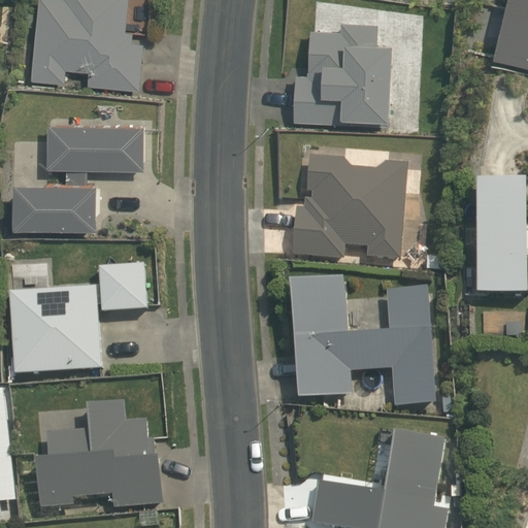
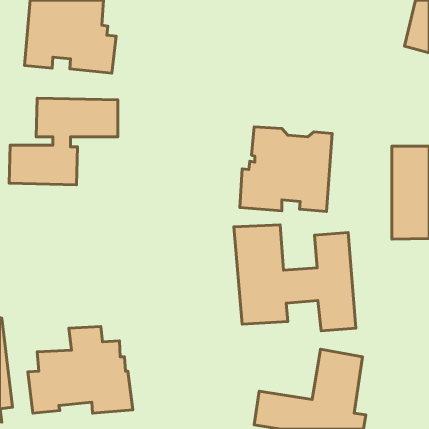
building: [293,21,391,126] -> none
building: [7,264,147,374] -> none

